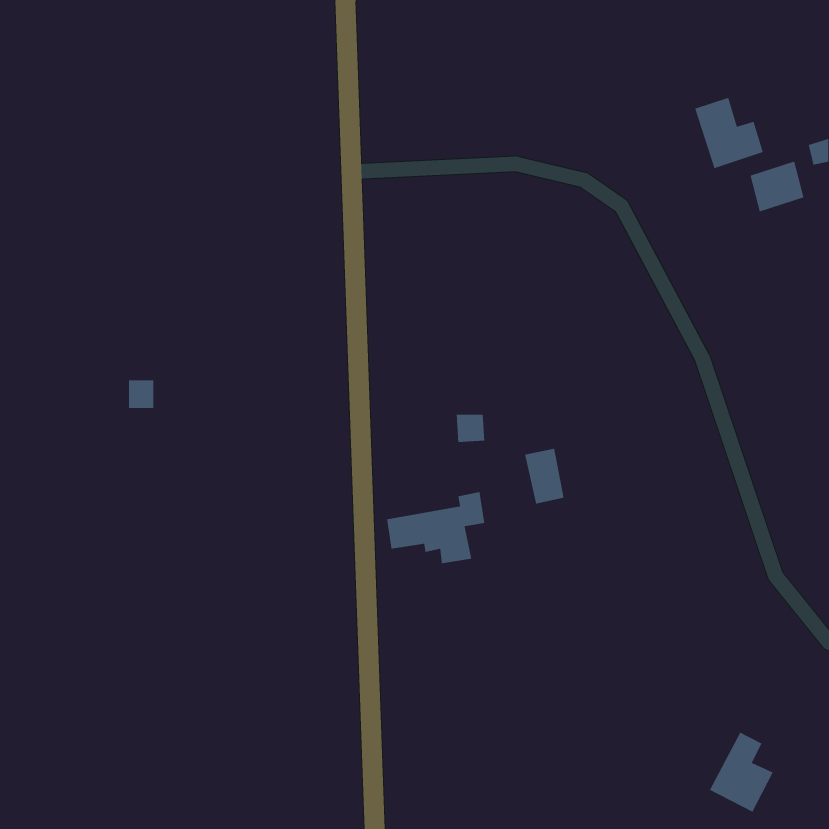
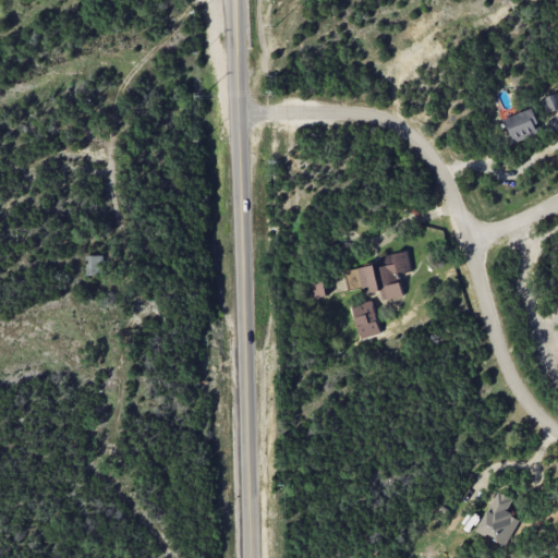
building: [694,97,764,169] -> none
building: [386,491,485,564] -> [344,251,411,300]

